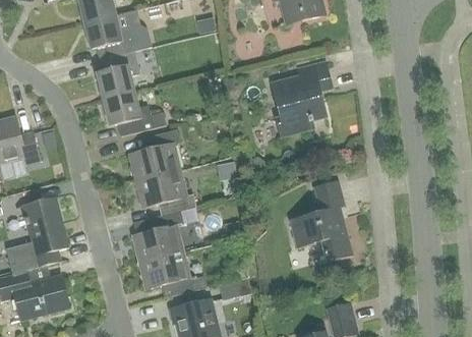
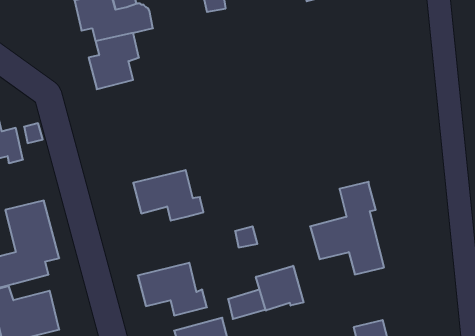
building: [273,61,332,136] -> none
building: [104,93,165,136] -> none
building: [129,130,181,182] -> none
building: [133,212,184,263] -> none
building: none -> [256,266,304,311]

